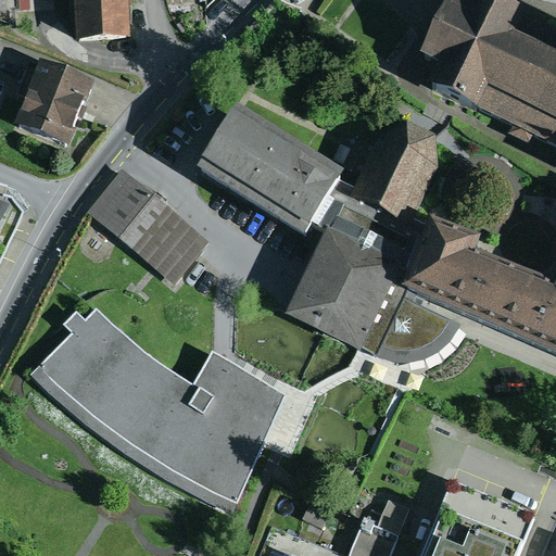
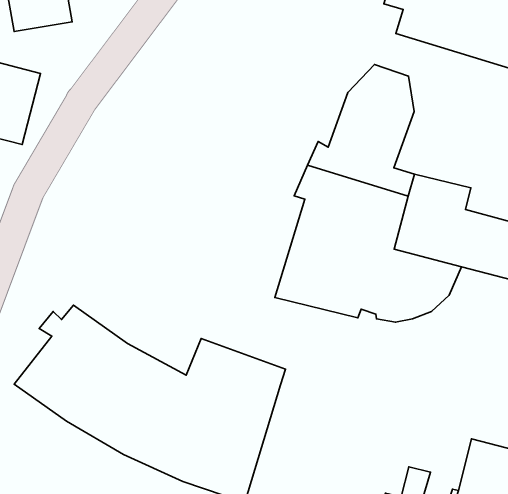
building: [199,114,345,242] -> none
building: [87,165,211,280] -> none

